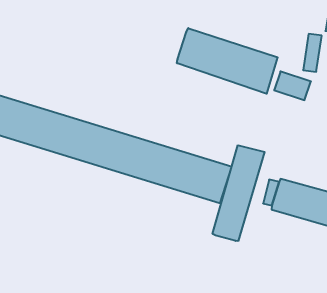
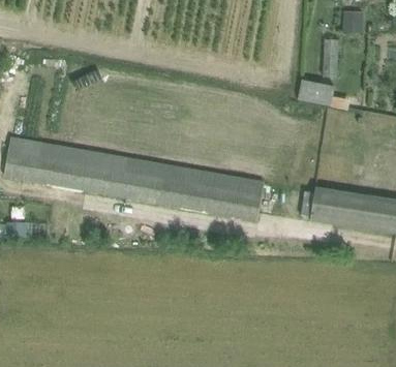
building: [177,28,278,94] -> none
building: [213,145,265,241] -> none

